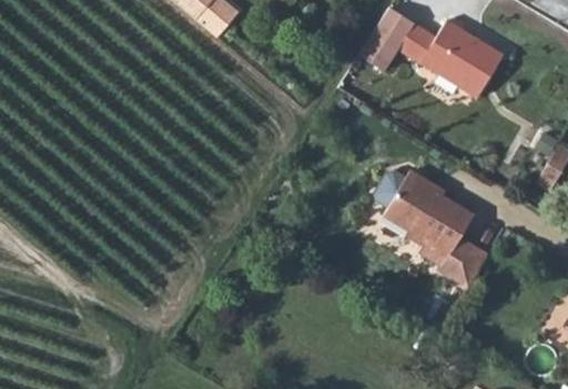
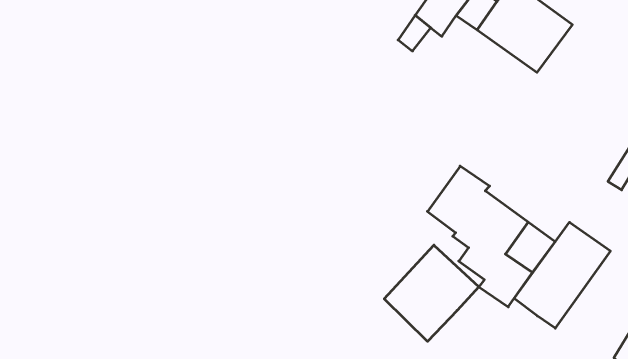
building: none -> [514,222,610,328]
building: none -> [384,245,479,341]

